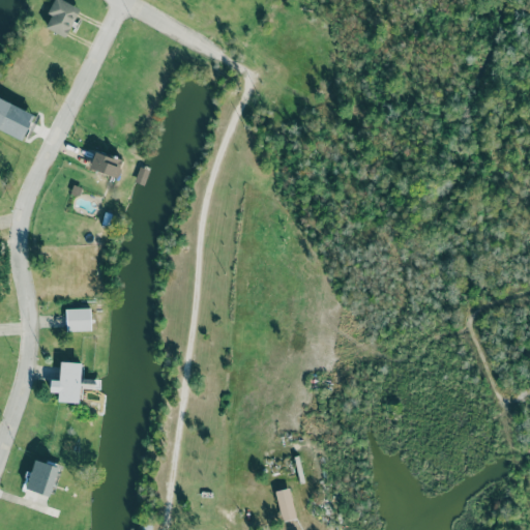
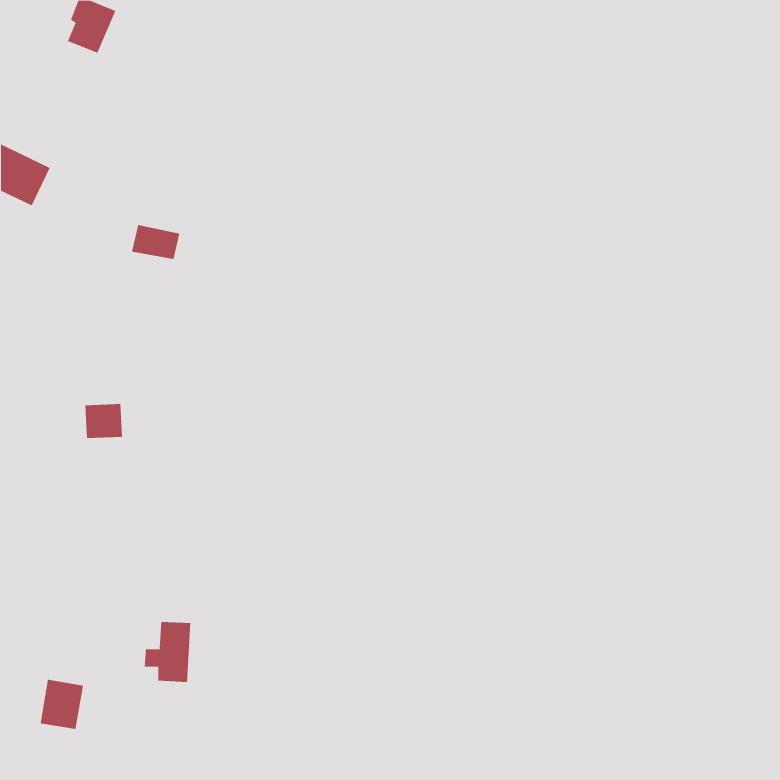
building: [65,307,91,331] -> [85,404,123,439]
building: [49,361,81,403] -> [144,621,191,682]
building: [275,488,296,521] -> none

